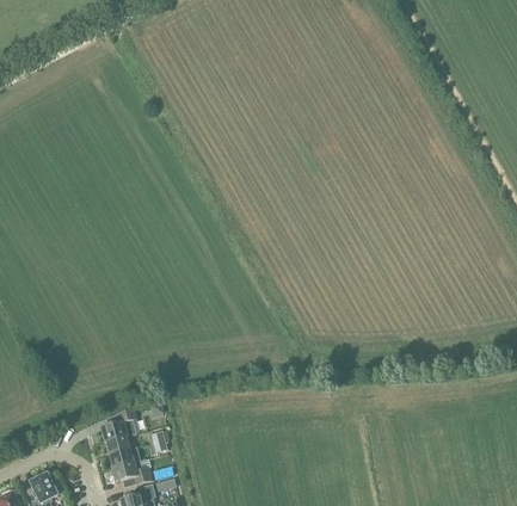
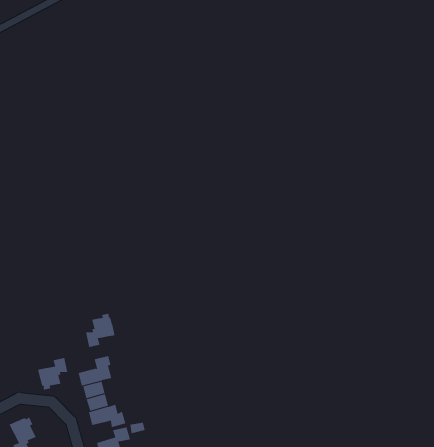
building: none -> [85,313,115,348]
building: none -> [37,357,68,391]

